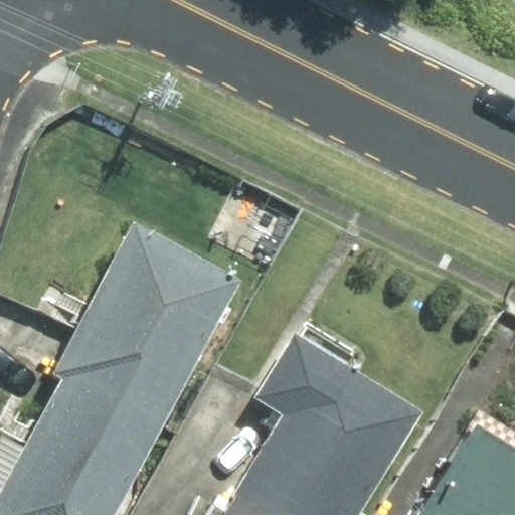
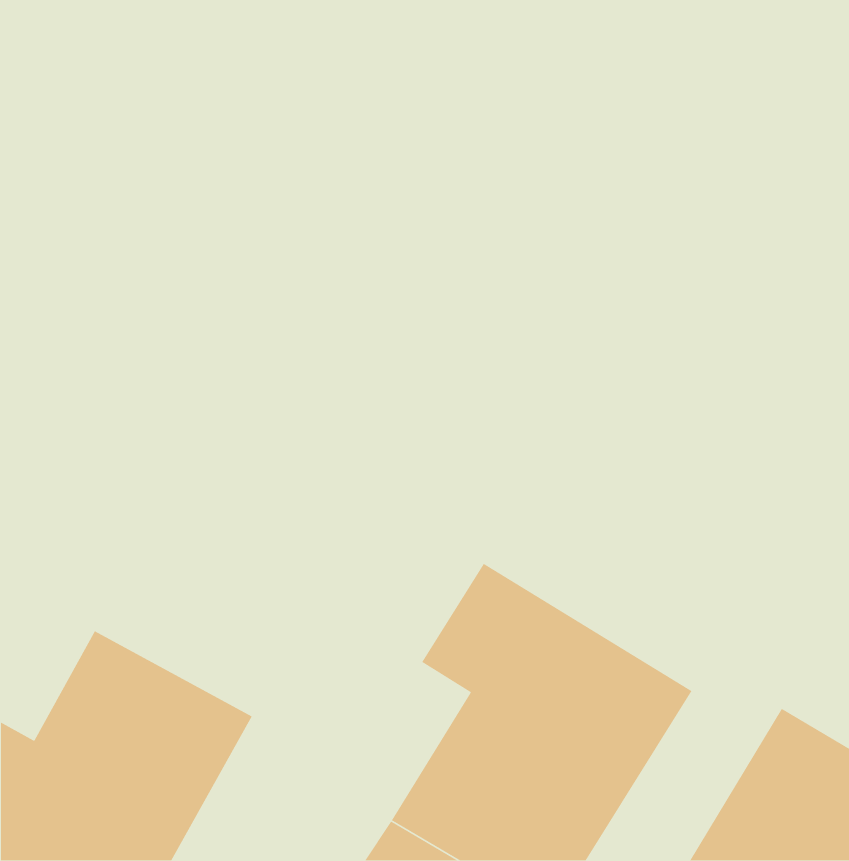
building: [54,223,238,427] -> none

